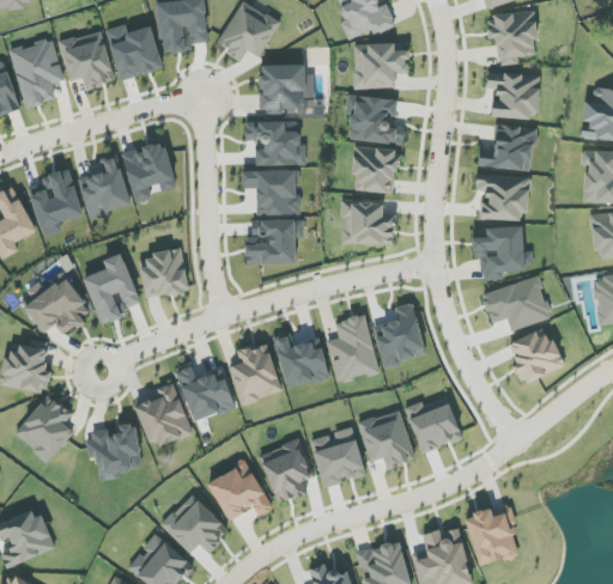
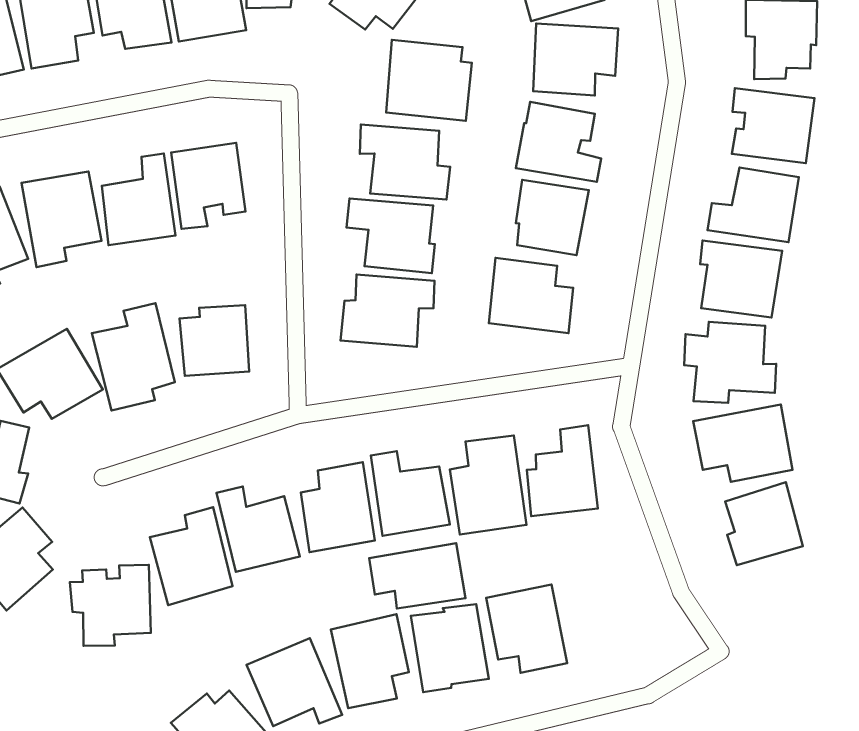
building: none -> [369,543,466,609]
building: [405,396,462,452] -> none

